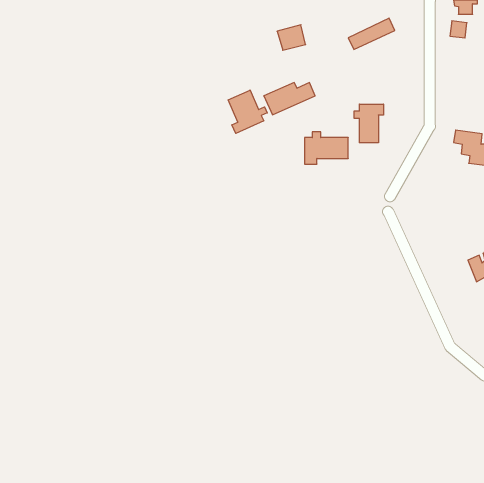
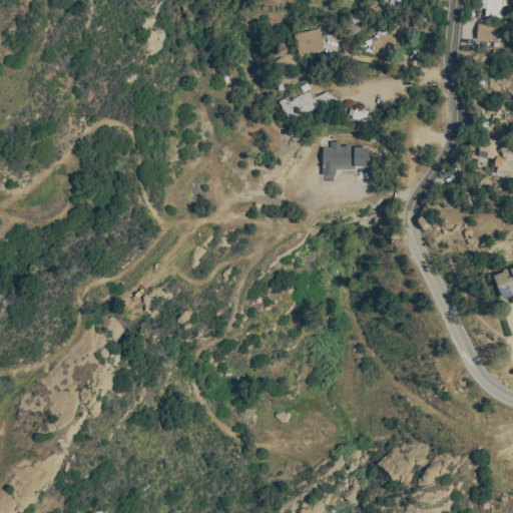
building: [228,90,267,133] -> none
building: [354,104,383,143] -> none

